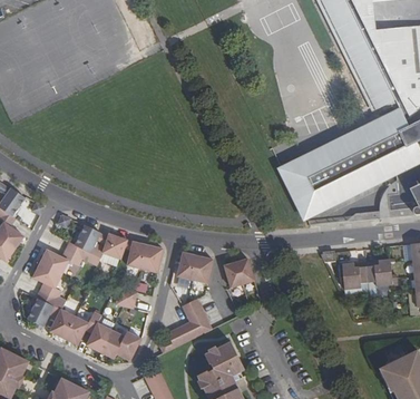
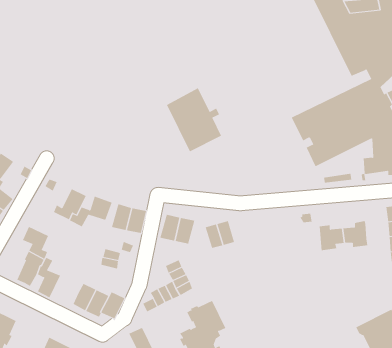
building: [279,150,336,217] -> [166,88,222,152]
building: [40,249,81,273] -> none
building: [62,310,100,344] -> none

